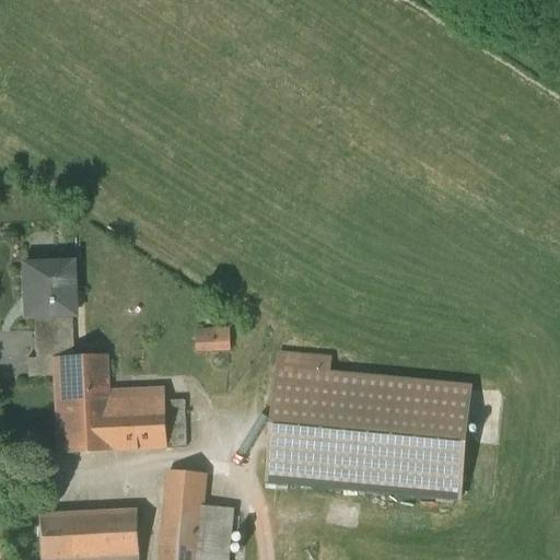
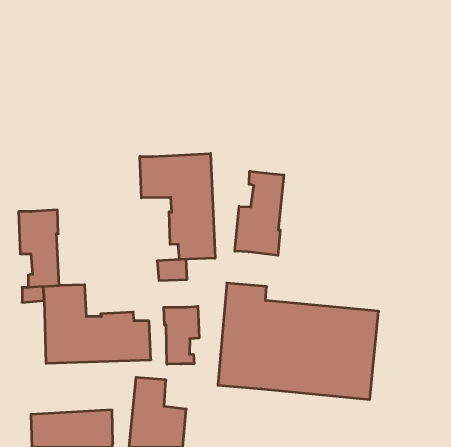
building: none -> [140,153,215,259]
building: none -> [235,171,284,255]
building: none -> [164,306,199,364]

